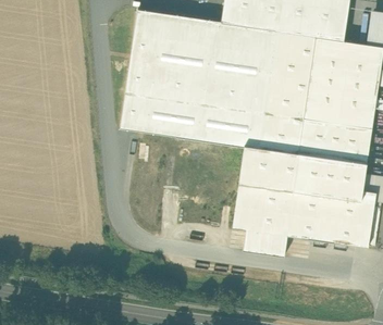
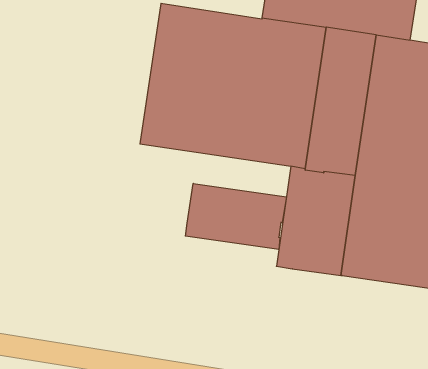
building: none -> [185,183,286,250]
building: [243,229,287,257] -> none

